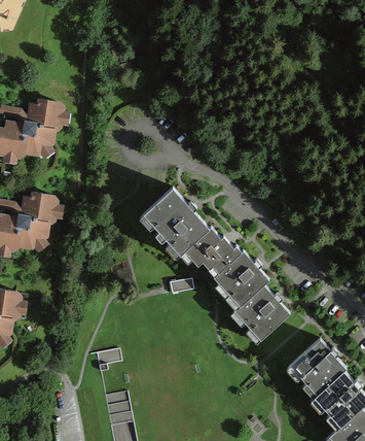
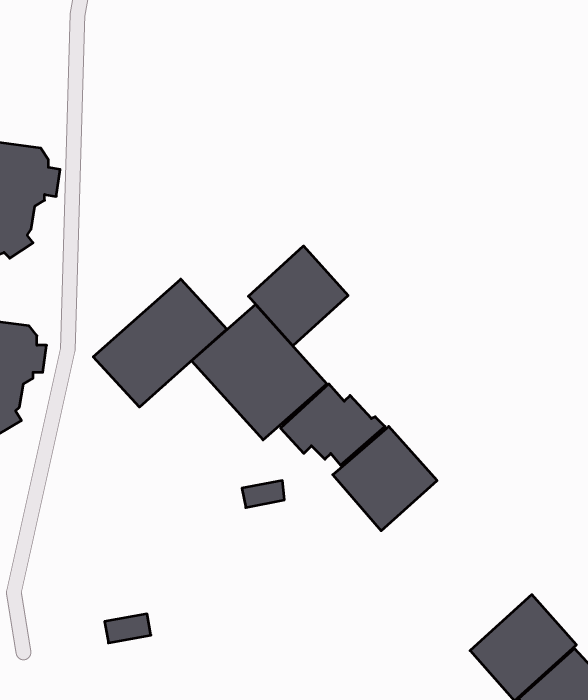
building: none -> [248,246,348,346]
building: none -> [93,279,227,407]
building: [233,285,288,340] -> none

